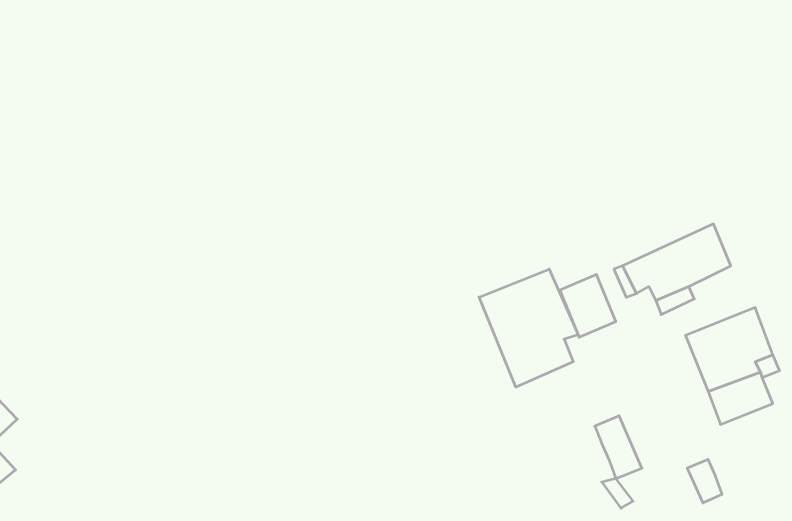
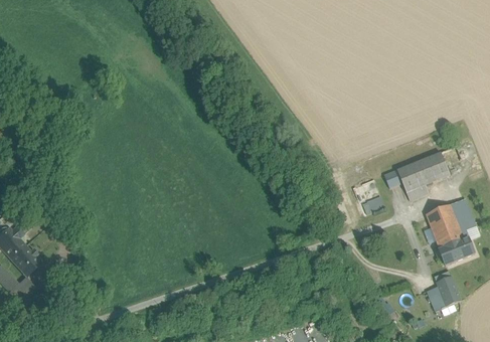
building: [479,269,578,387] -> none
building: [595,416,642,479] -> [434,270,461,306]

